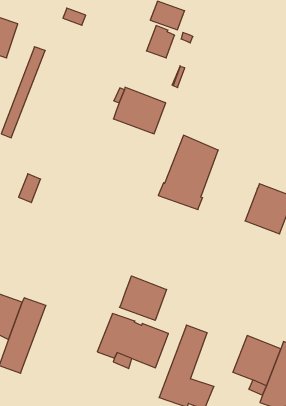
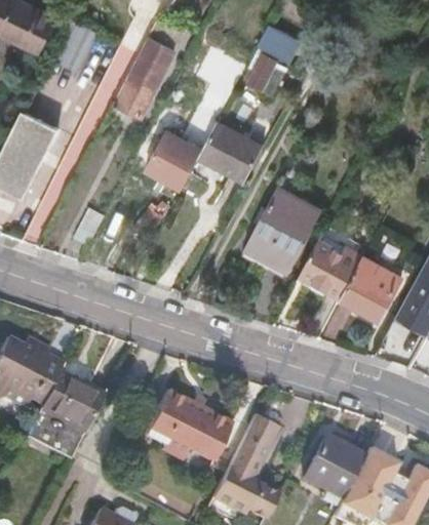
building: none -> [115,39,177,117]
building: none -> [145,131,202,189]
building: none -> [299,239,359,298]
building: [120,276,167,320] -> none
building: none -> [50,369,104,456]

